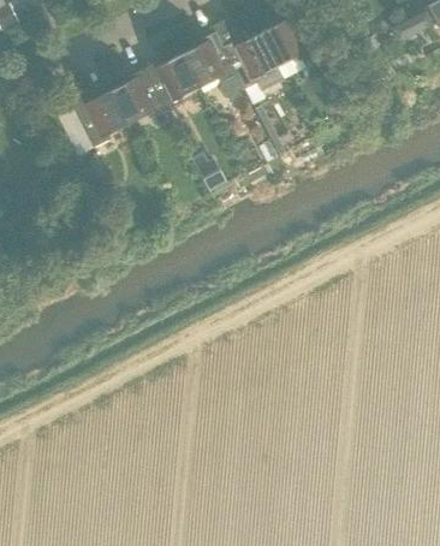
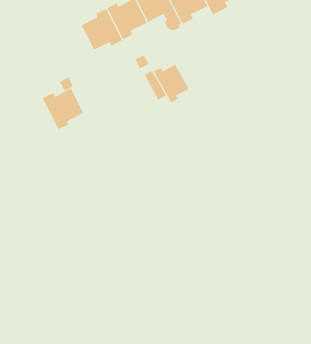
building: [72,87,127,142] -> [42,88,84,130]
building: none -> [153,64,190,103]

